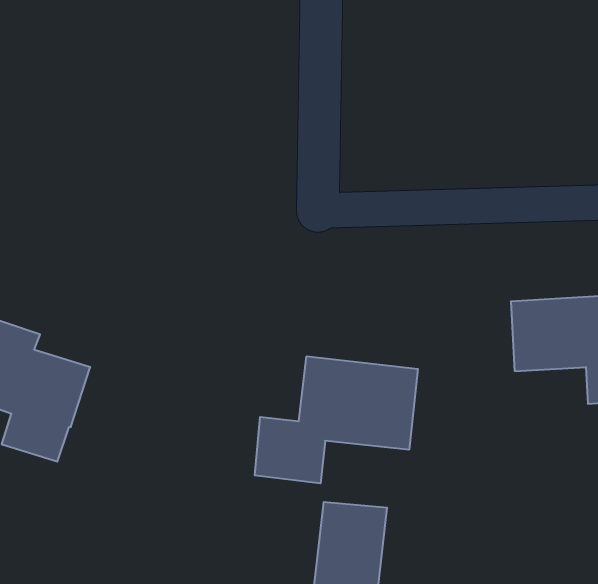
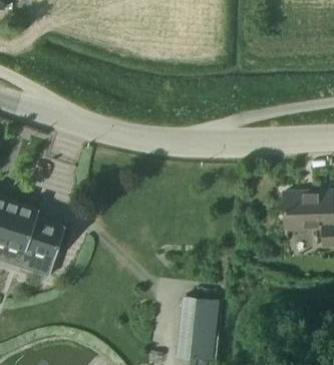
building: [255,356,418,483] -> none

